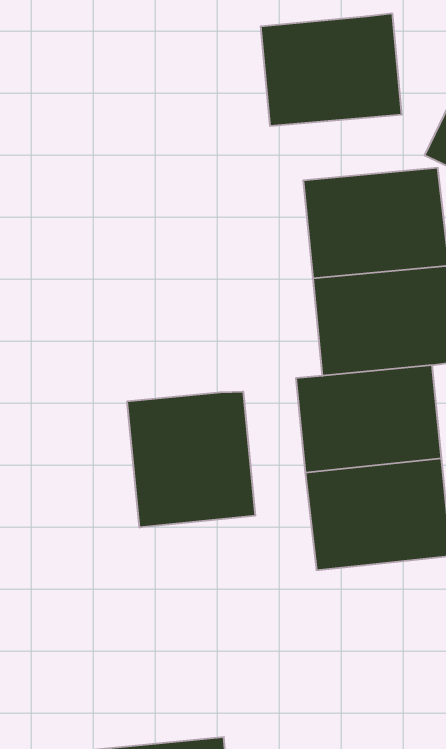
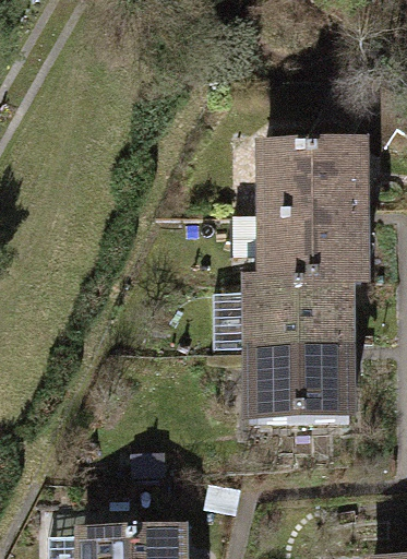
building: [261,13,402,126] -> none
building: [127,391,255,528] -> none

